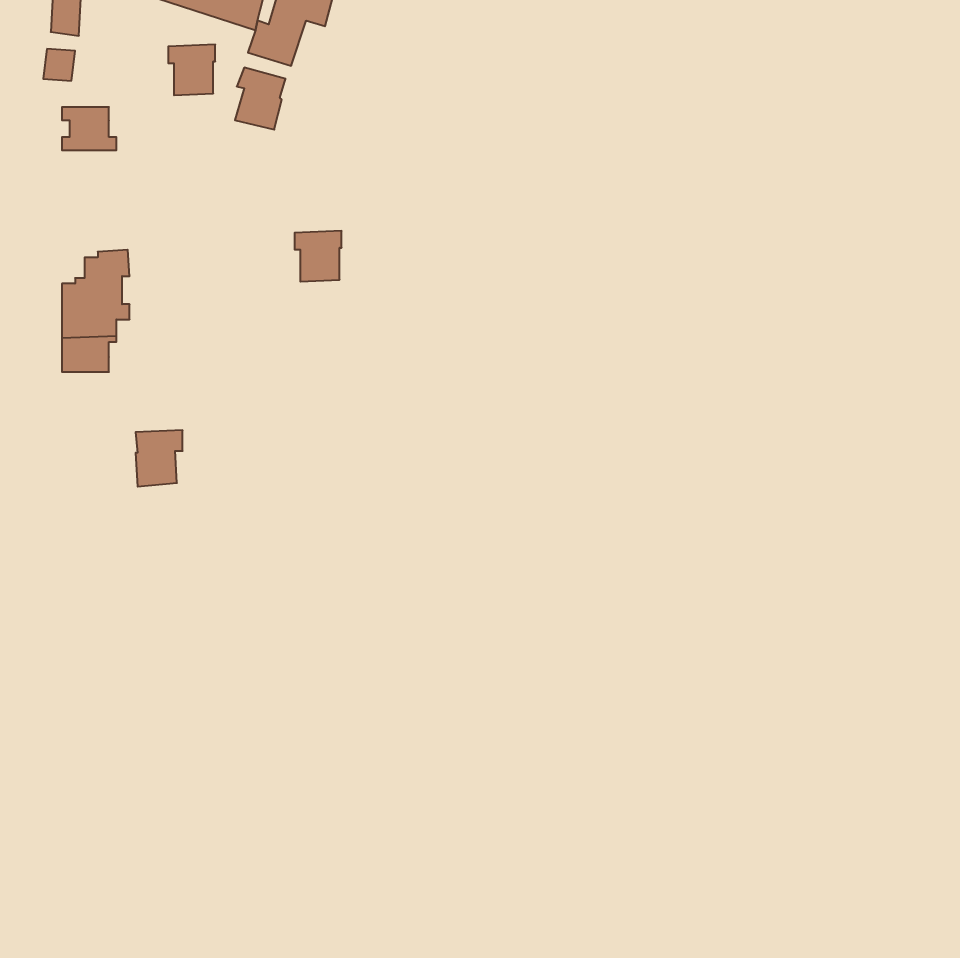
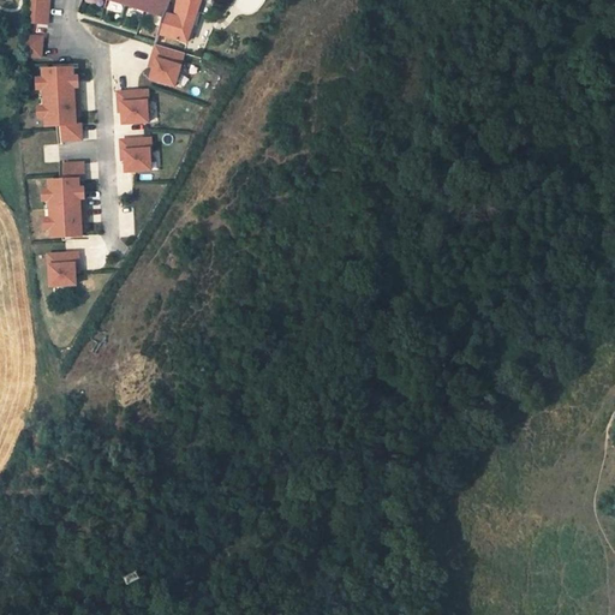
building: [168,45,215,95] -> [120,88,150,120]
building: none -> [40,96,74,142]
building: [295,231,342,282] -> [123,137,153,169]
building: [136,430,183,487] -> [46,252,76,288]

